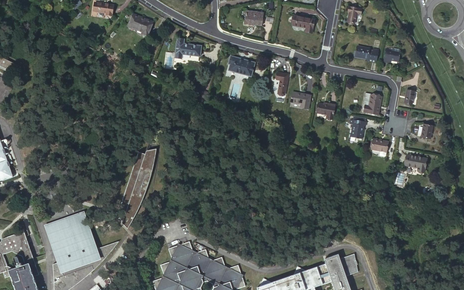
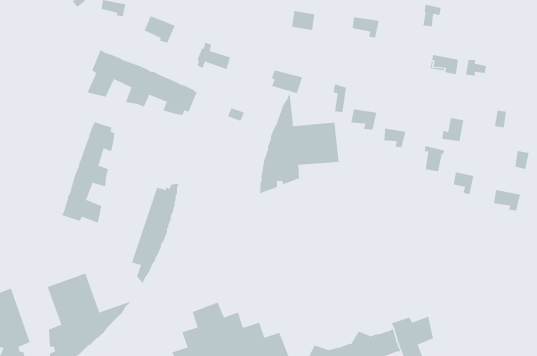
building: none -> [87,49,198,116]
building: none -> [259,91,339,195]
building: none -> [61,121,115,224]

